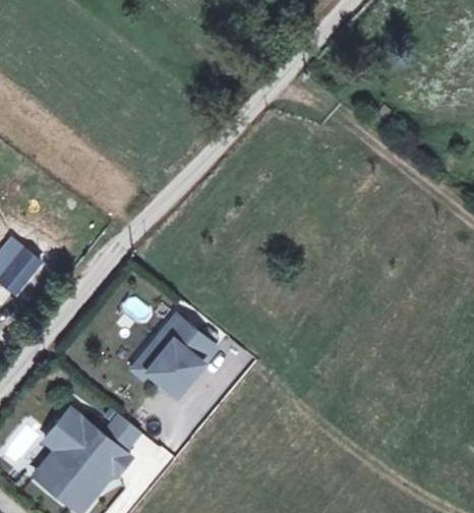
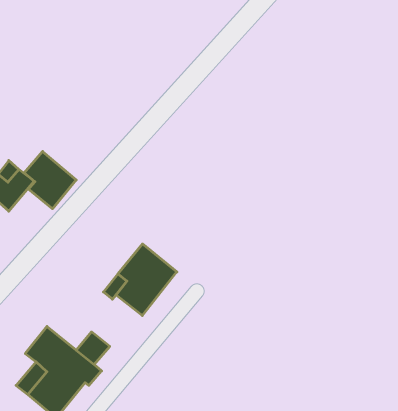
building: none -> [24,151,76,209]

